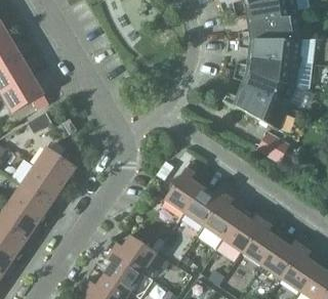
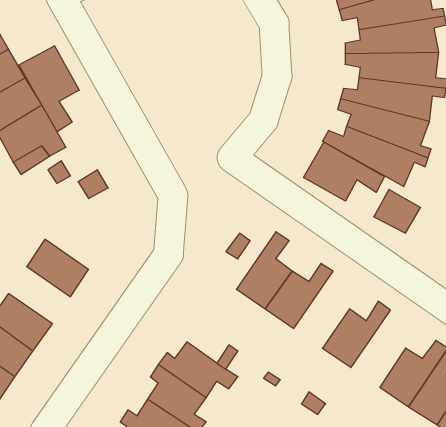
building: none -> [19,46,79,132]
building: none -> [304,142,384,201]
building: [34,147,82,186] -> none
building: [9,184,51,223] -> none
building: [203,187,241,240] -> none
building: [242,214,279,266] -> none

